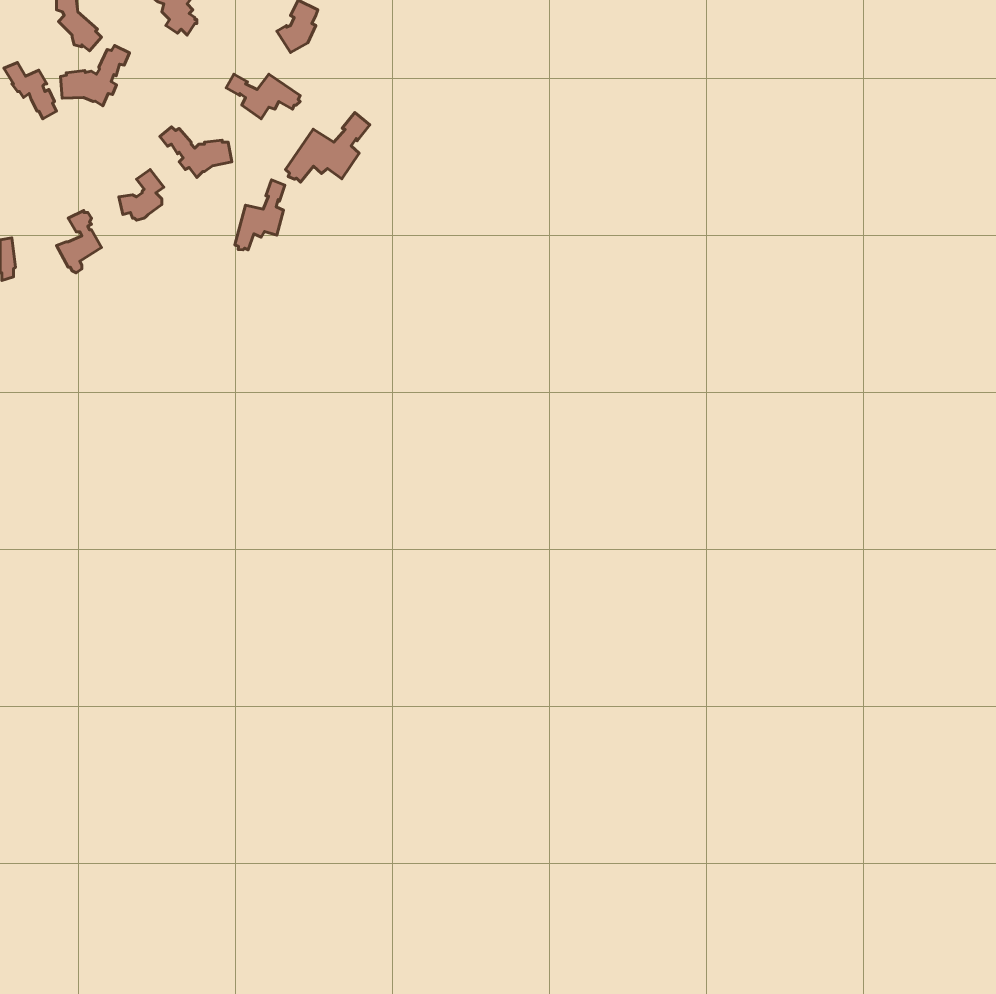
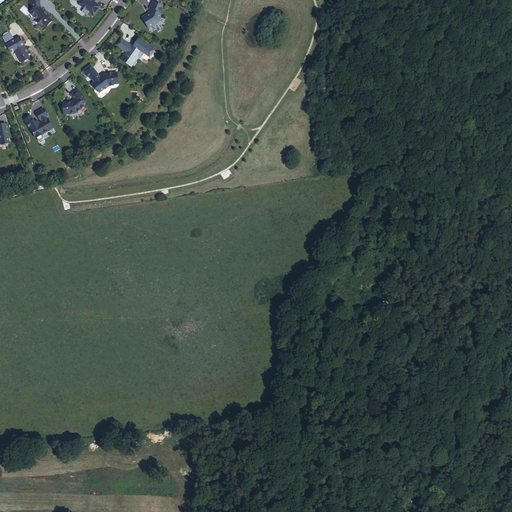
building: [61,45,129,106] -> none
building: [286,113,370,182] -> none
building: [235,180,285,250] -> none

